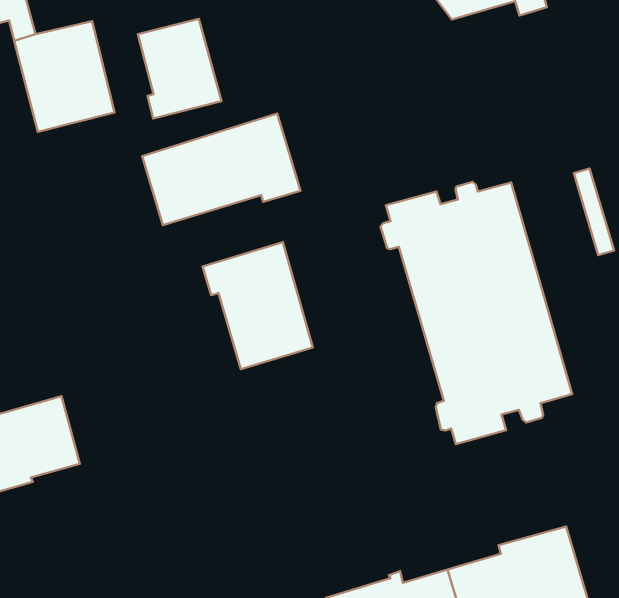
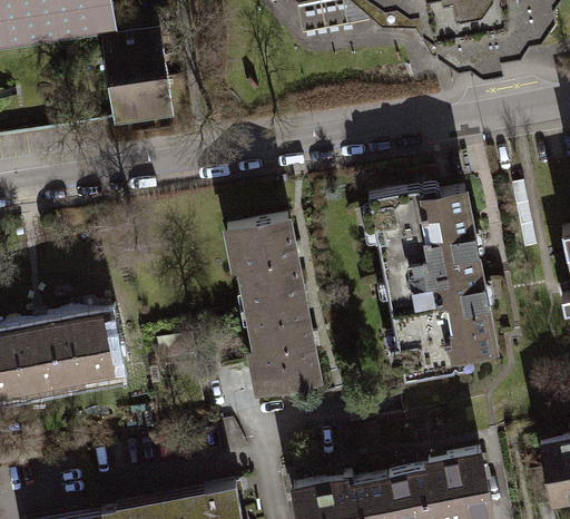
building: [138,19,221,119] -> none
building: [142,114,300,225] -> none
building: none -> [248,297,320,391]

